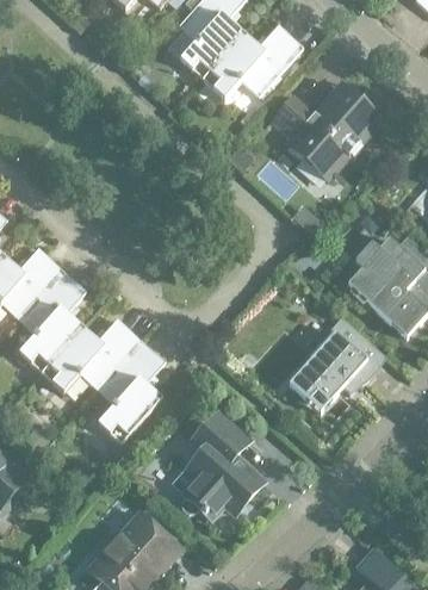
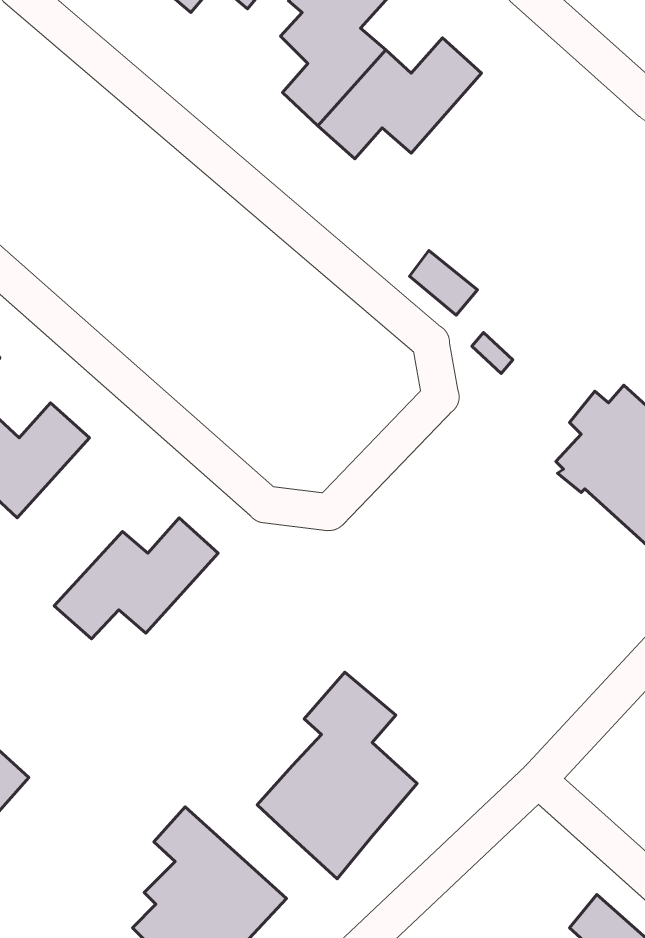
building: [269,83,382,181] -> none
building: [18,269,86,372] -> none
building: [289,316,385,411] -> none
building: [97,340,165,443] -> none

